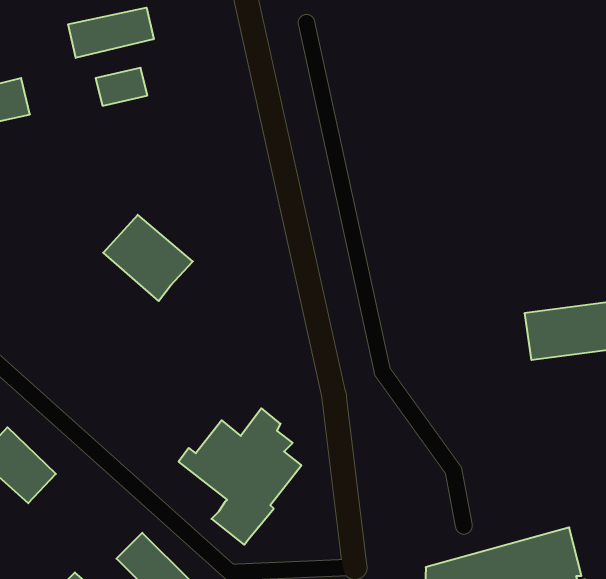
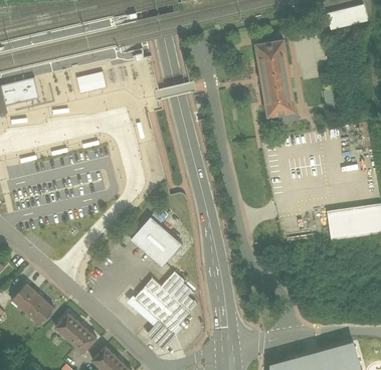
building: none -> [251,36,301,119]
building: [68,8,154,58] -> none
building: [103,215,193,301] -> [131,218,183,268]
building: none -> [52,309,98,352]

